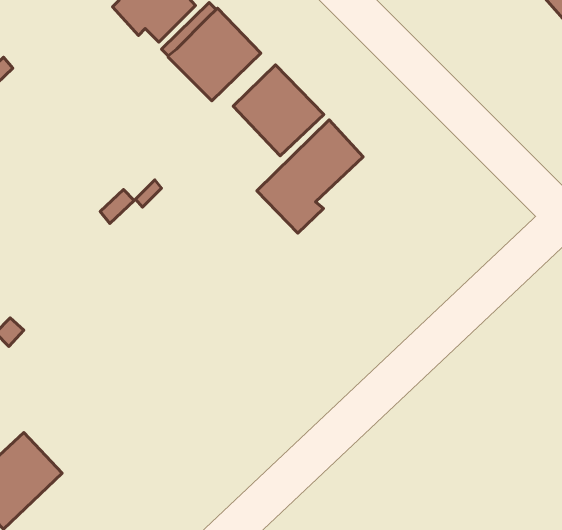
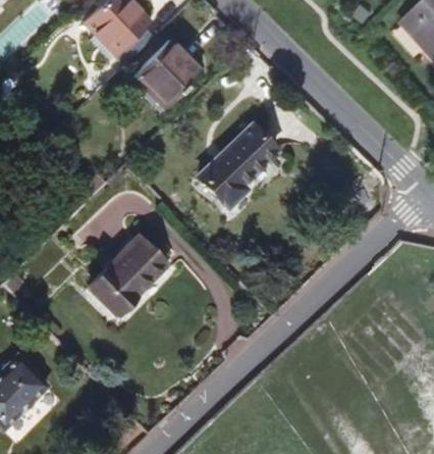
building: [233,65,324,156] -> none
building: none -> [91,236,167,315]

